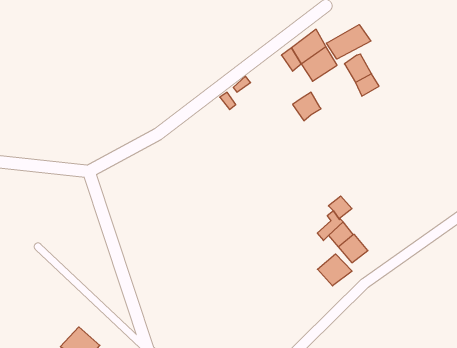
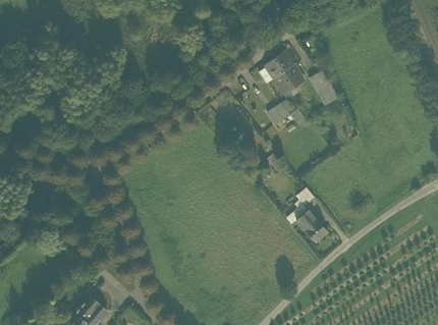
building: [326,25,371,59] -> none
building: [317,254,352,286] -> none

